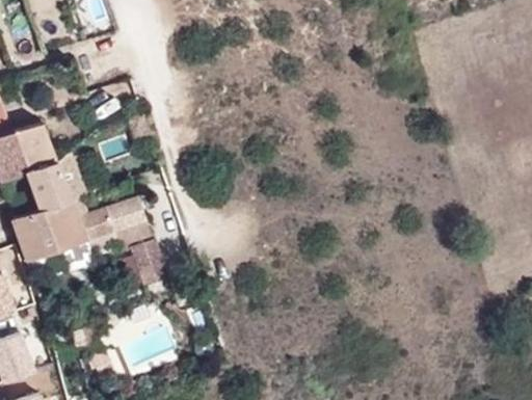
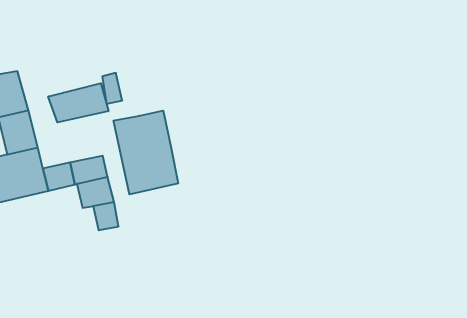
building: none -> [48,83,108,122]
building: none -> [114,111,178,194]

